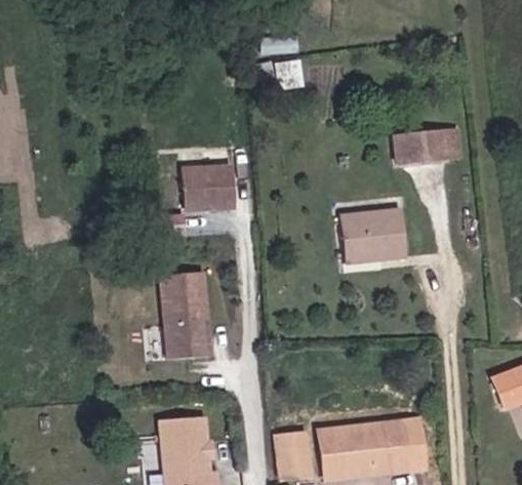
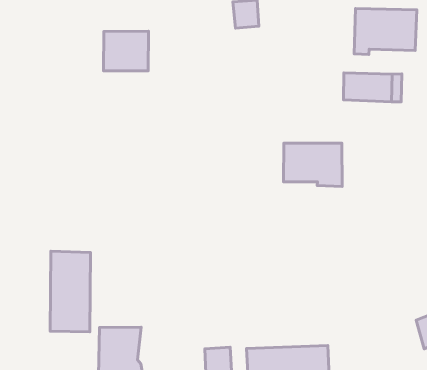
building: none -> [354,8,417,55]
building: [180,166,231,212] -> [104,31,148,71]
building: [162,273,210,360] -> [50,251,90,332]

